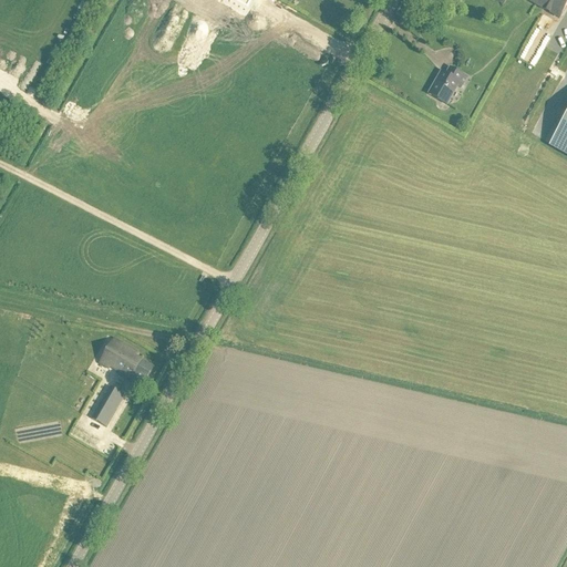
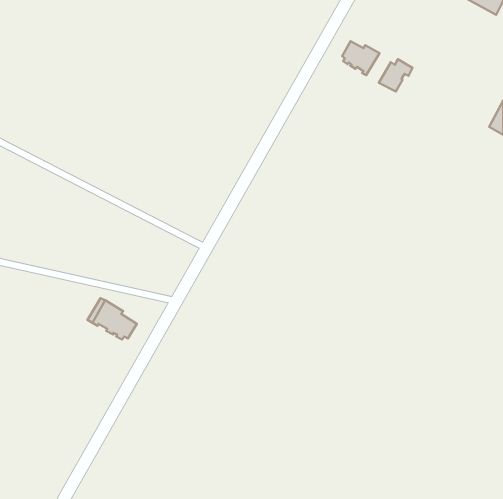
building: none -> [342,41,380,75]
building: [92,384,125,424] -> none

